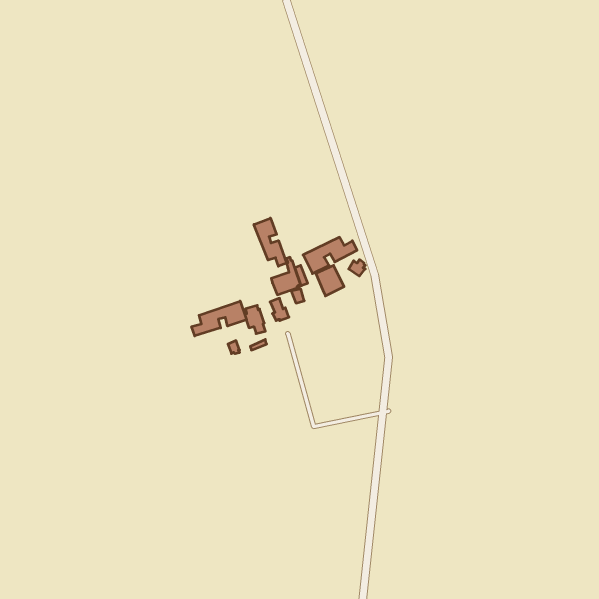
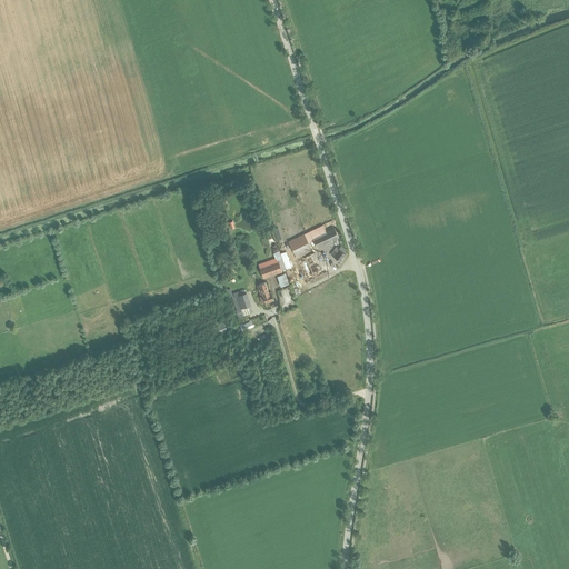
building: [254,218,287,266] -> none
building: [192,301,246,336] -> none

